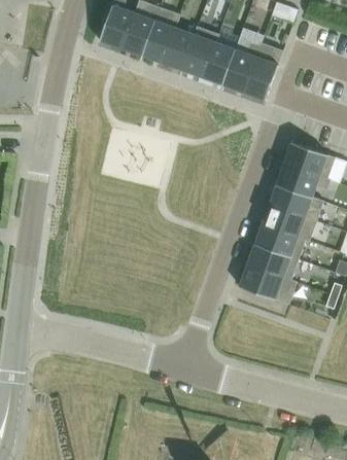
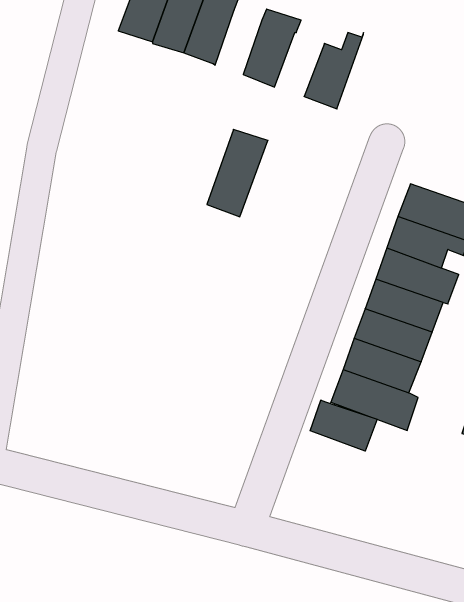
building: [163,28,194,70] -> none
building: [202,42,235,84] -> none
building: [243,43,283,101] -> [207,129,268,217]
building: none -> [310,400,377,451]

